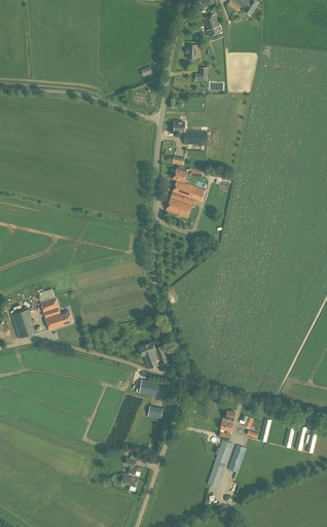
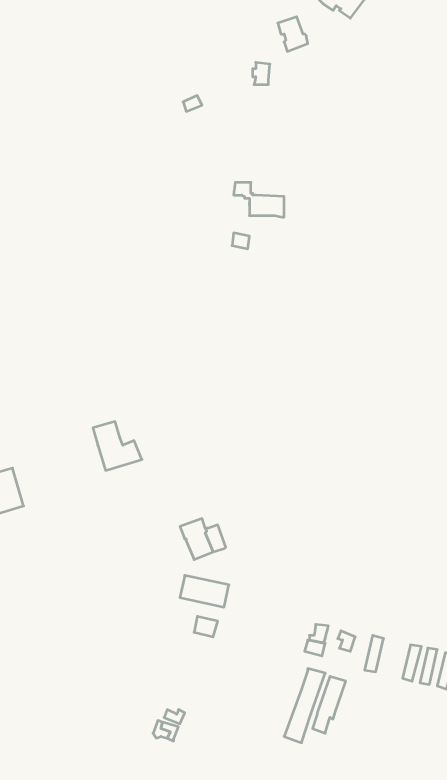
building: [165,169,203,218] -> none
building: [40,297,72,329] -> [93,422,142,470]

